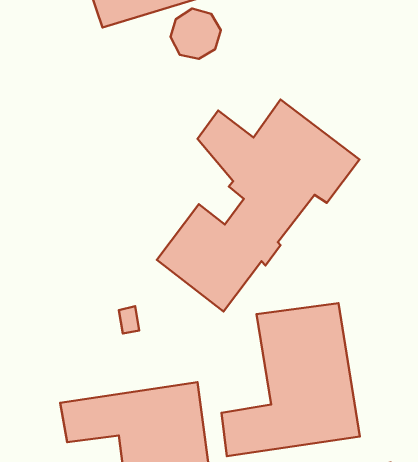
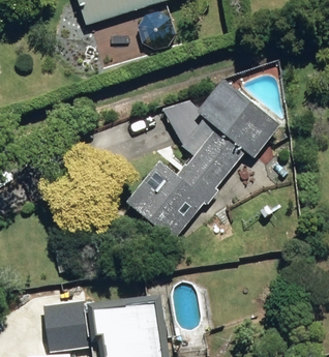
building: [221,303,360,456] -> none

